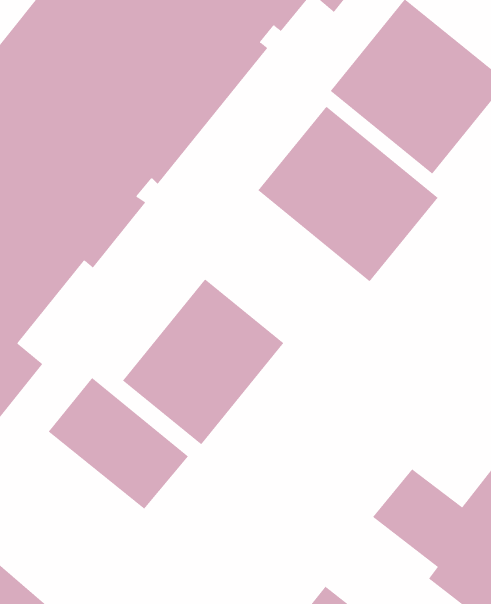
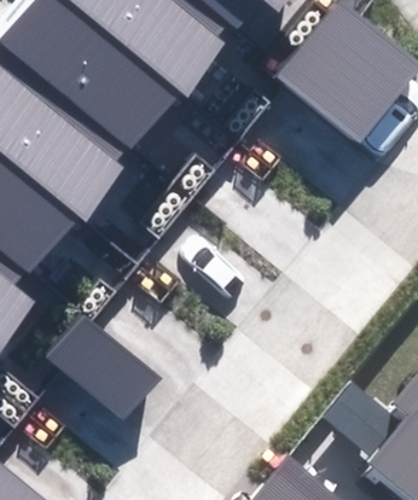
building: [257,106,438,282] -> none
building: [122,279,284,445] -> none

